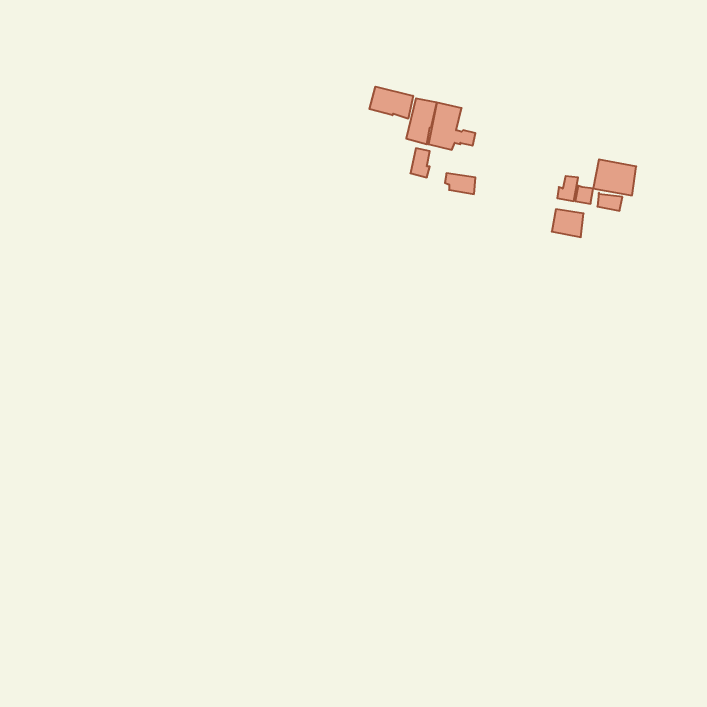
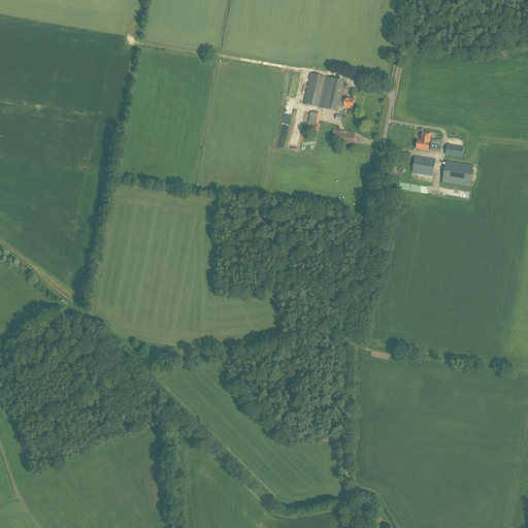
building: [369,87,413,119] -> none
building: [593,159,636,195] -> [440,160,472,187]

